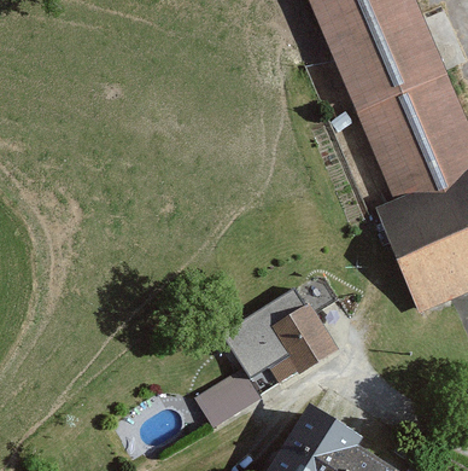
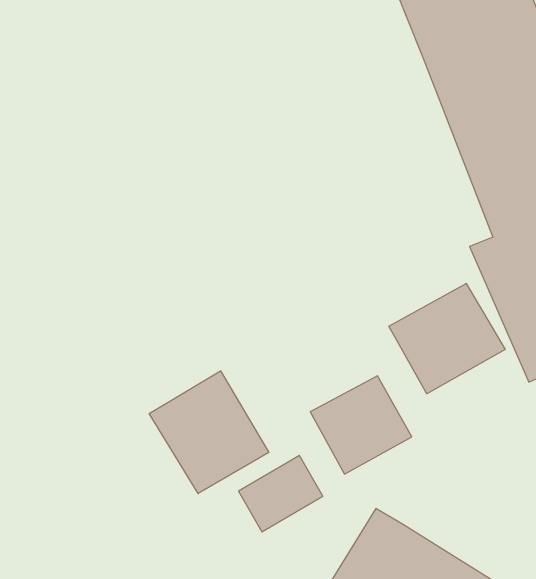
building: none -> [389,283,505,394]
building: none -> [149,371,269,494]

